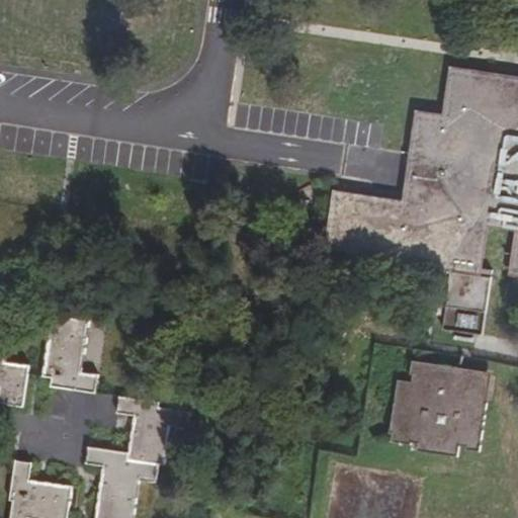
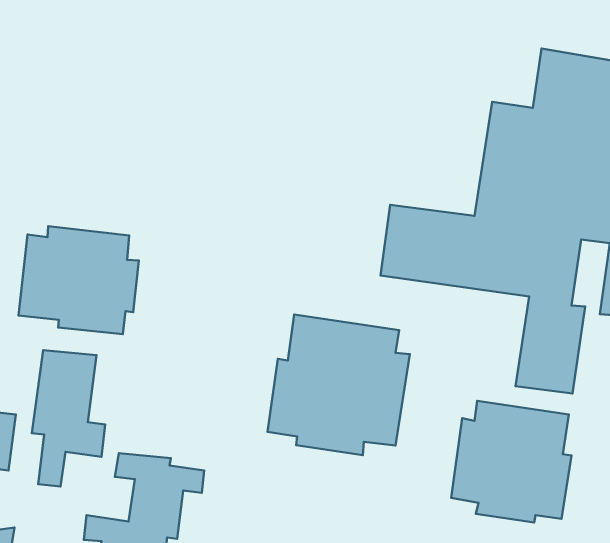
building: none -> [18,226,139,334]
building: none -> [268,315,410,455]

